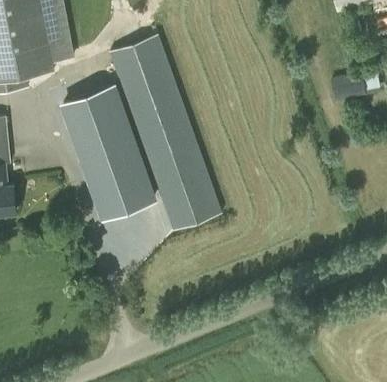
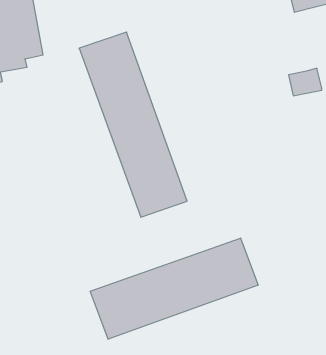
building: [61,88,150,219] -> none
building: none -> [90,238,258,339]

